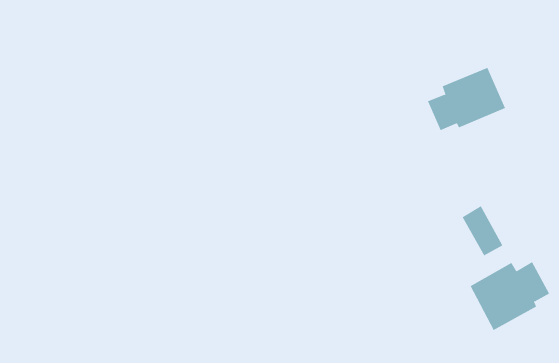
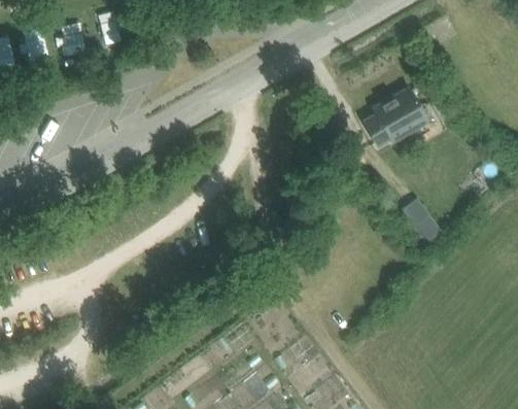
building: [470,261,550,331] -> none

